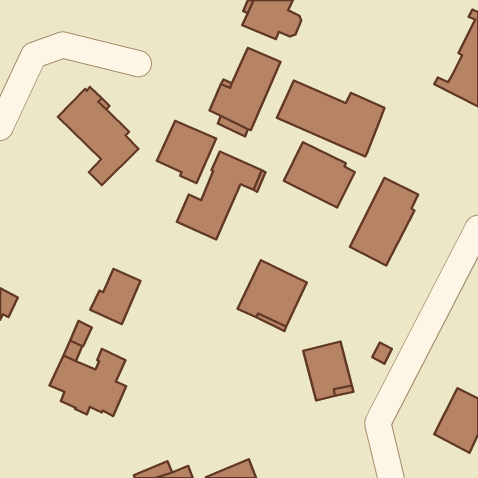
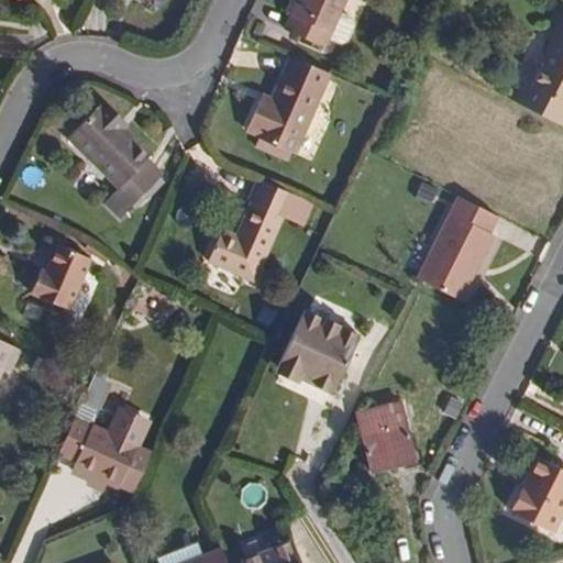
building: [277,81,384,157] -> none
building: [157,121,216,183] -> none
building: [284,142,355,208] -> none
building: [90,269,141,324] -> [31,244,90,309]

